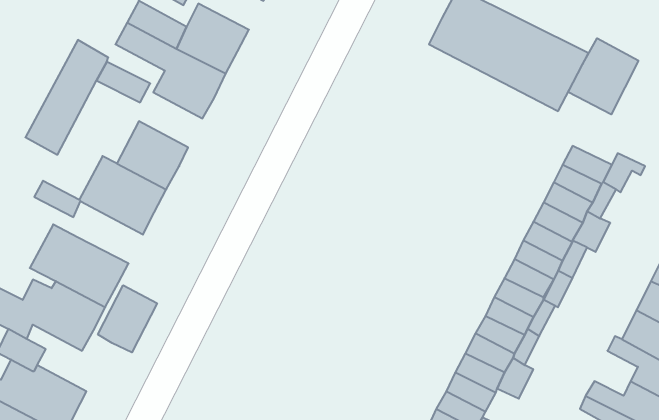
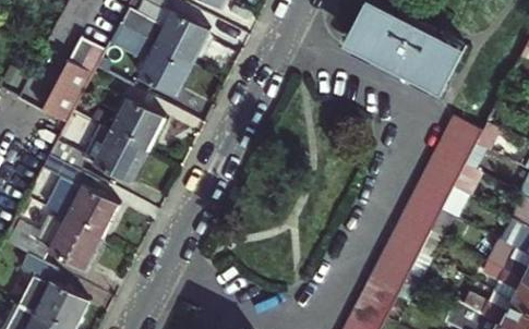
building: [568,38,638,114] -> none
building: [98,285,157,352] -> none

